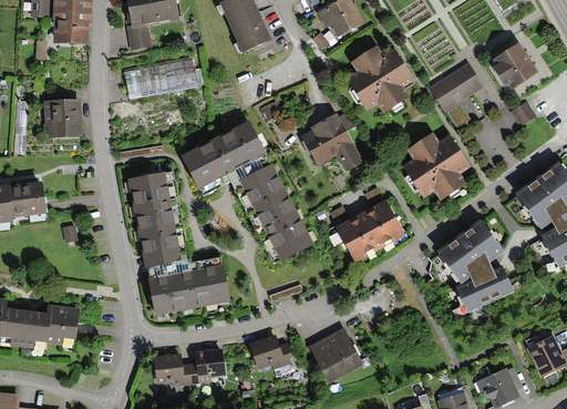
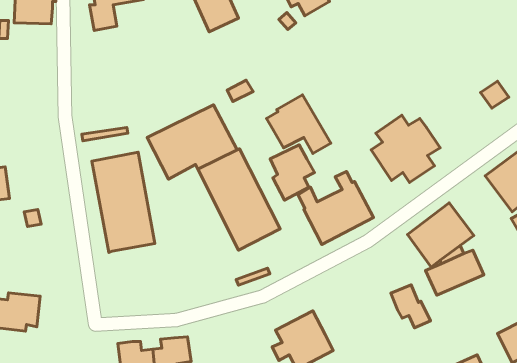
building: [493,42,537,88] -> none
building: [347,44,414,112] -> none
building: [124,59,196,98] -> none
building: [429,61,485,112] -> none
building: [44,98,83,136] -> none
building: none -> [270,145,314,200]
building: [148,254,229,314] -> none
building: none -> [391,285,430,328]
building: [249,336,293,370] -> none

